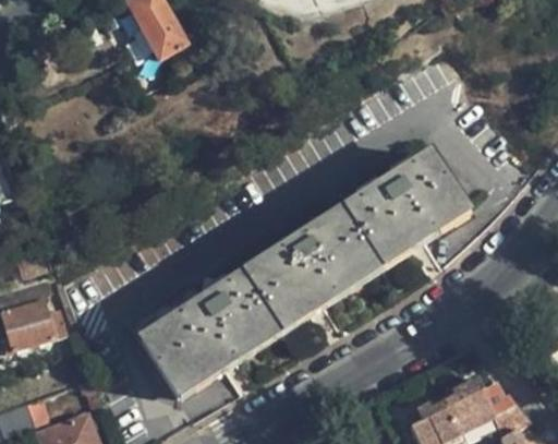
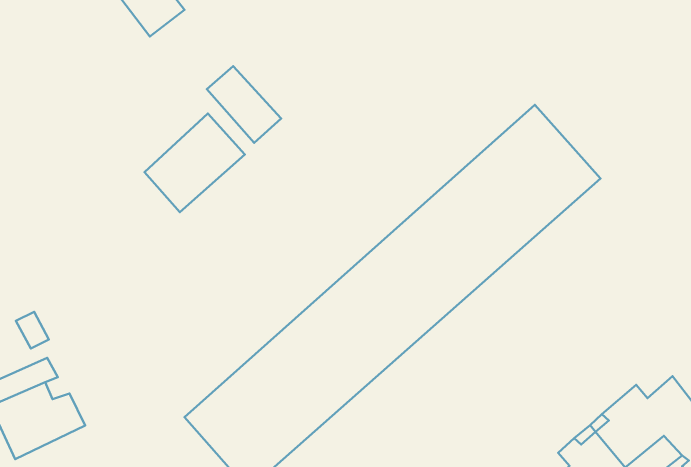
building: none -> [207,66,281,143]
building: none -> [144,114,245,212]

